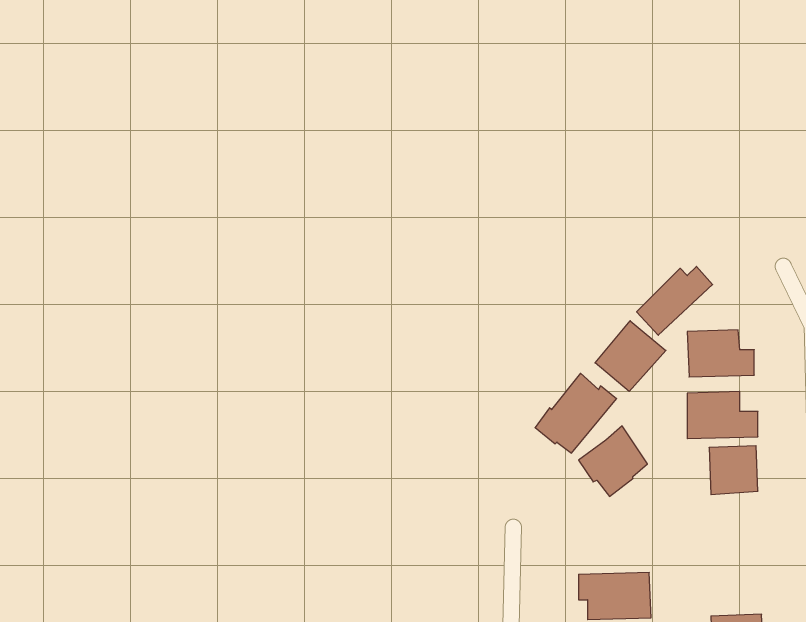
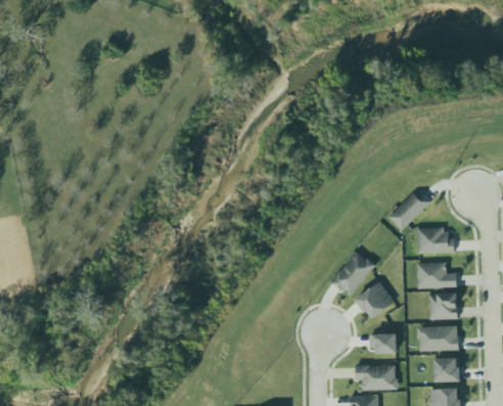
building: [595,321,666,391] -> none
building: none -> [418,325,459,351]
building: none -> [369,333,397,352]
building: none -> [435,358,460,384]

